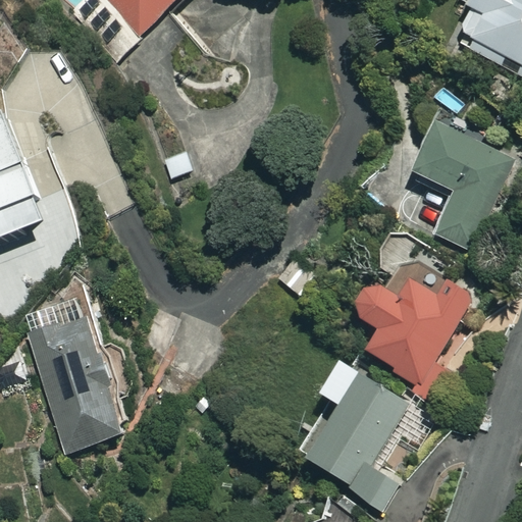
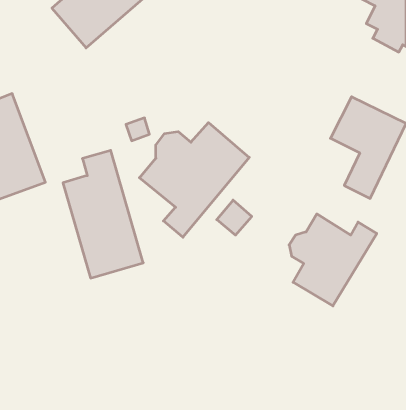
building: none -> [139,123,249,237]
building: [27,293,127,453] -> [63,150,143,278]
building: [311,364,406,504] -> none

